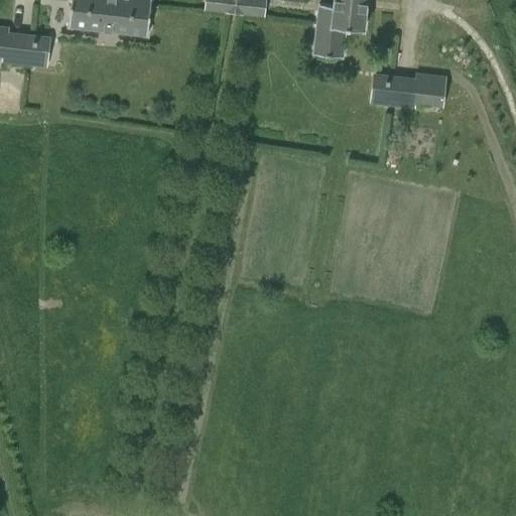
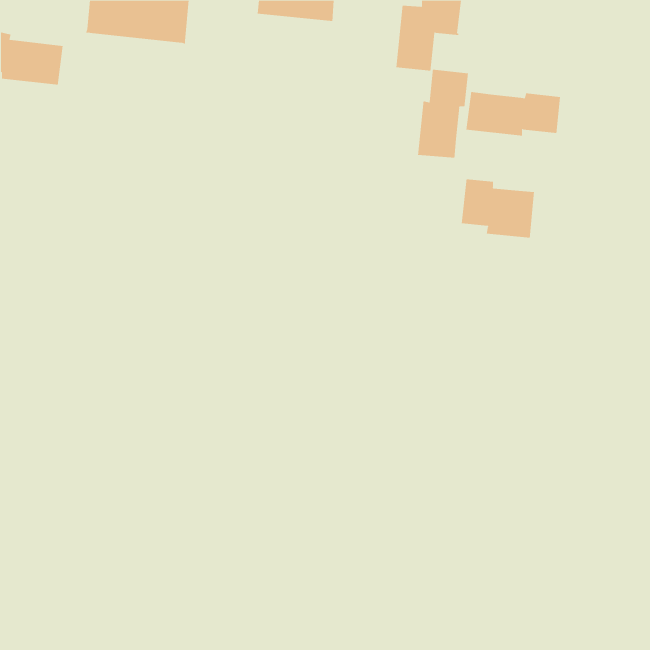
building: none -> [417,69,468,159]
building: none -> [461,178,535,239]

